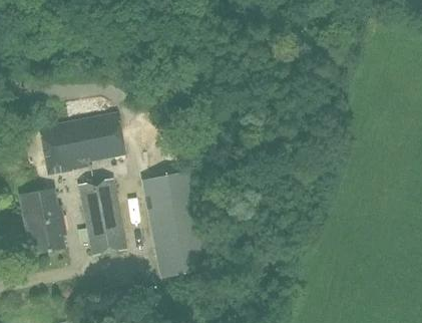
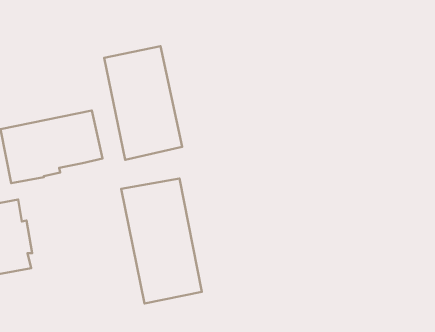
building: none -> [104,46,182,160]
building: [78,176,127,255] -> none

